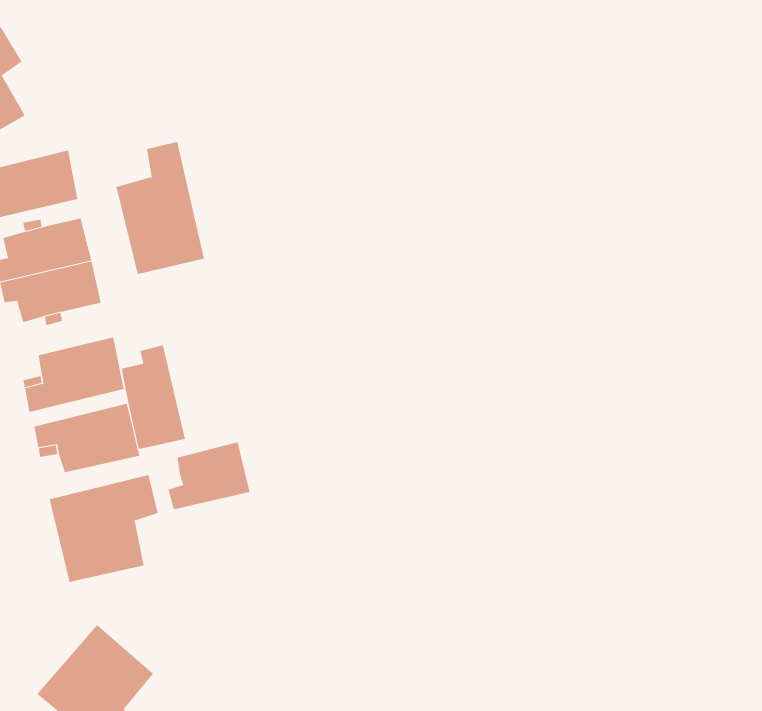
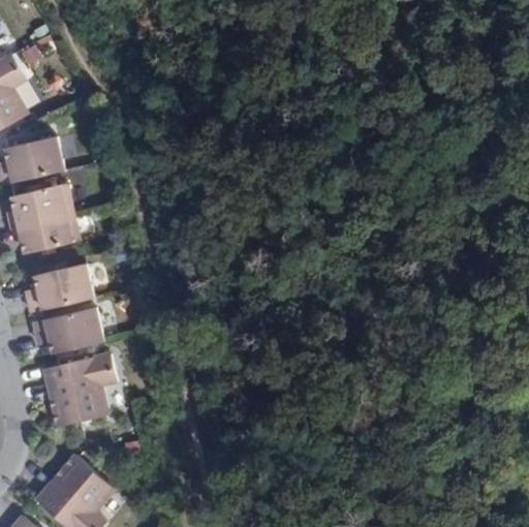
building: [116,141,205,275] -> none
building: [121,345,185,450] -> none
building: [168,442,250,510] -> none

